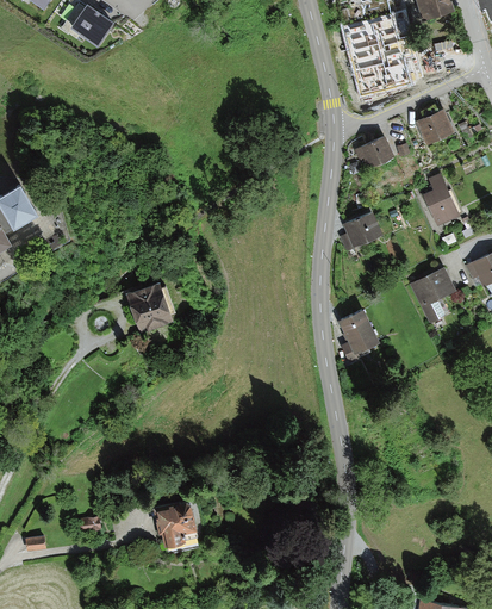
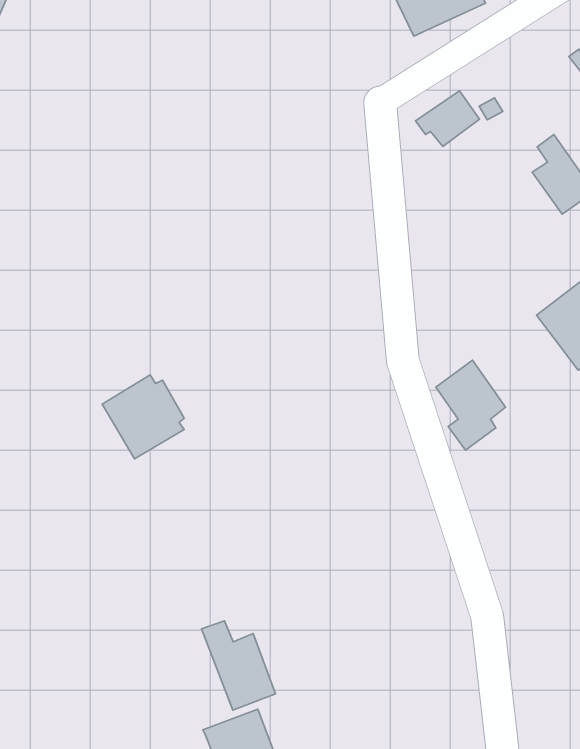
building: [415,105,455,145] -> none
building: [340,211,382,250] -> none
building: none -> [201,621,276,710]

